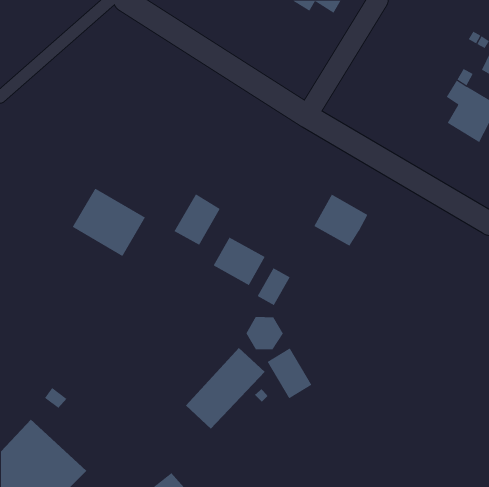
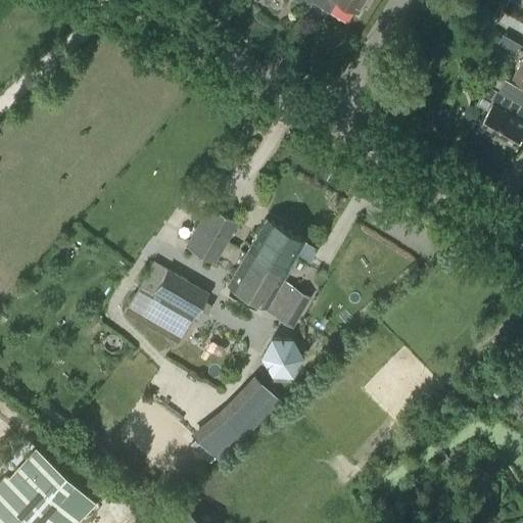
building: [72,188,146,257] -> [129,264,207,337]
building: [313,194,368,246] -> [245,221,303,277]
building: [267,347,312,399] -> none

